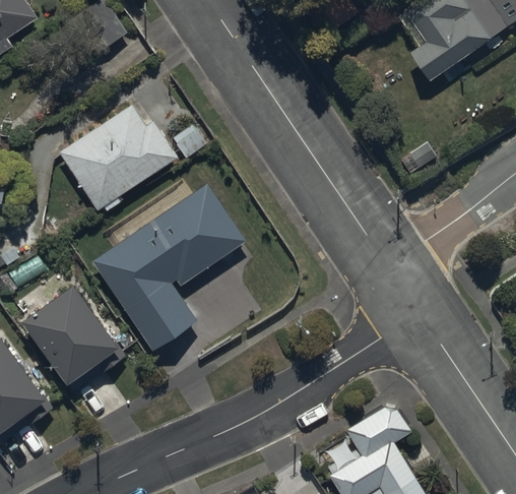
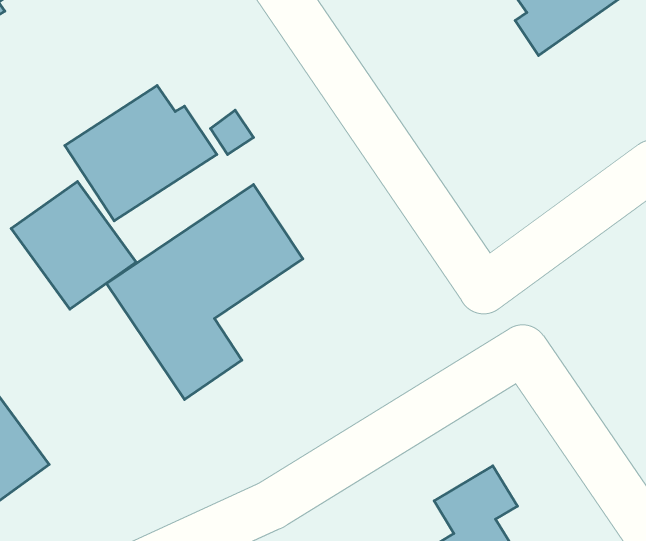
building: [22,287,120,386] -> [11,182,136,309]

